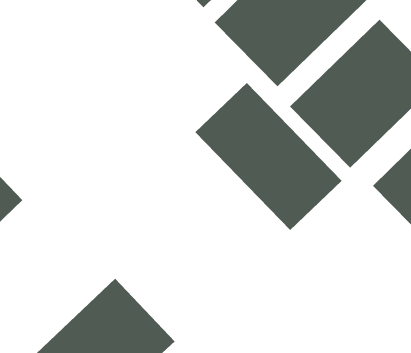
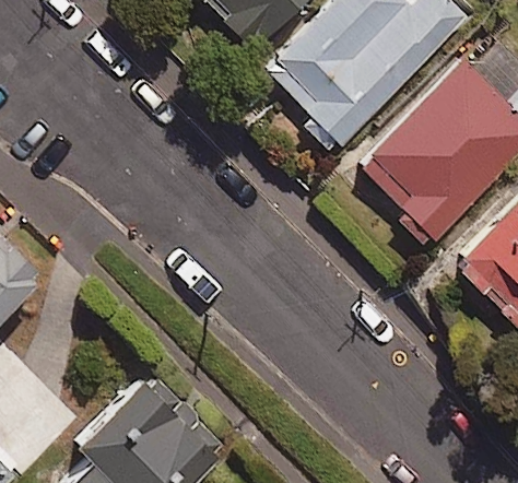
building: [194,82,343,231] -> none

